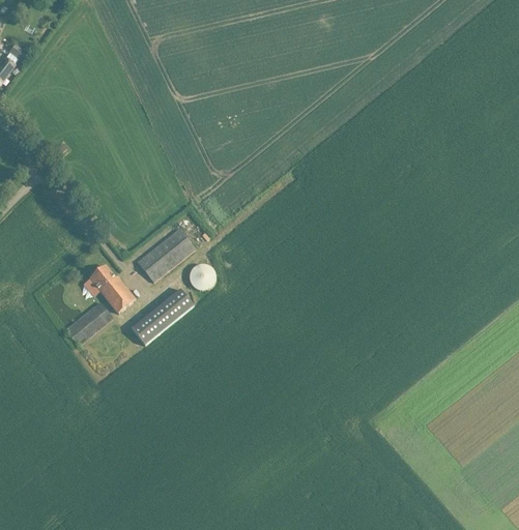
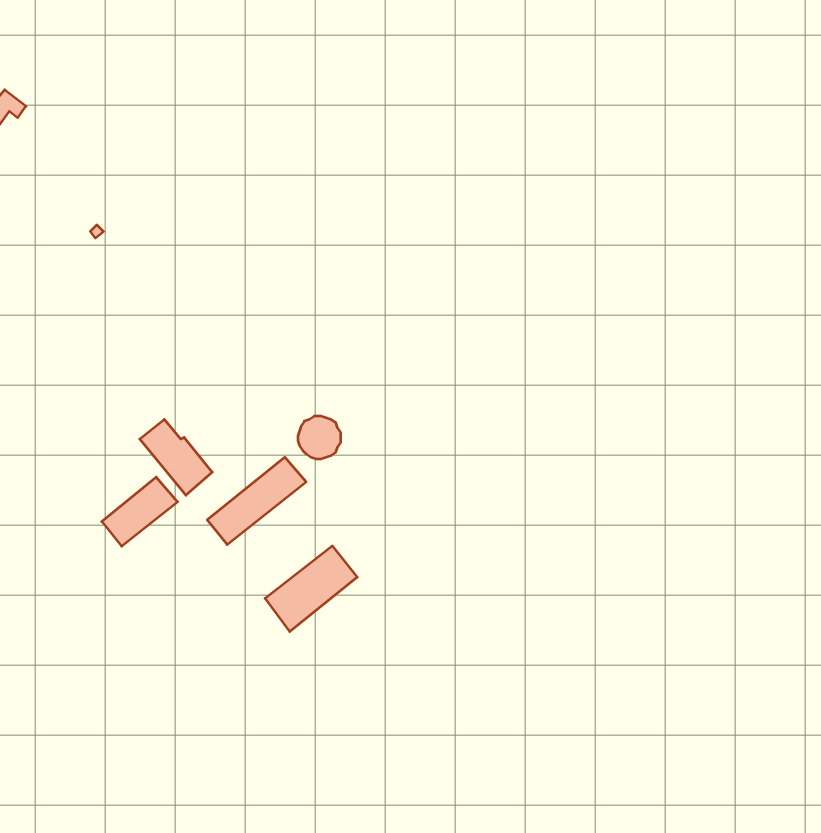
building: [137,228,195,282] -> none
building: none -> [265,546,357,632]

